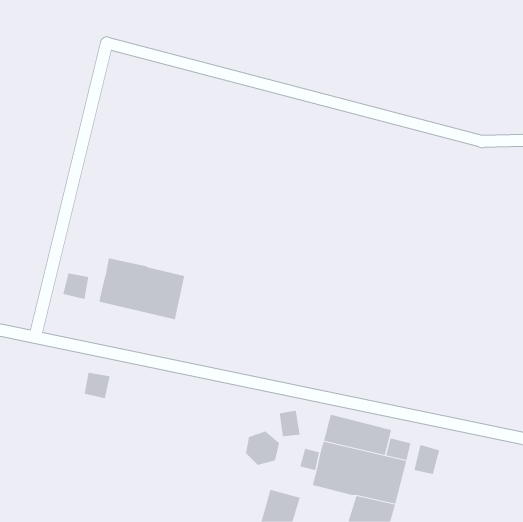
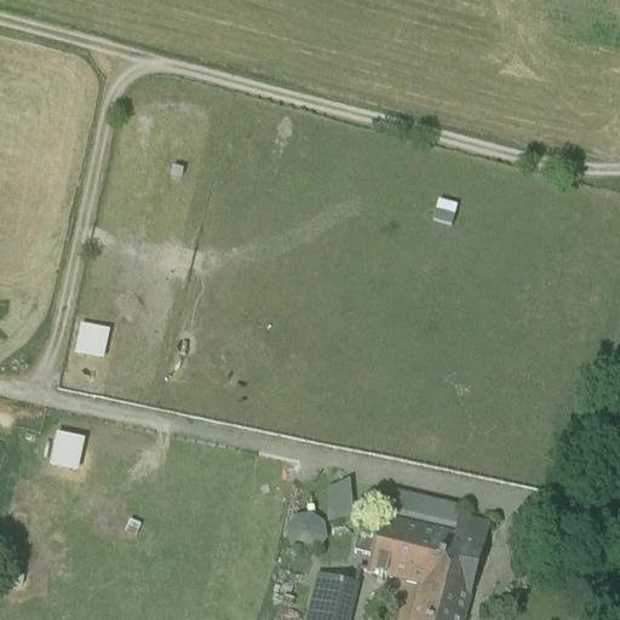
building: [99,258,185,320] -> none
building: [84,372,110,399] -> [52,435,84,466]
building: [414,444,440,475] -> none

